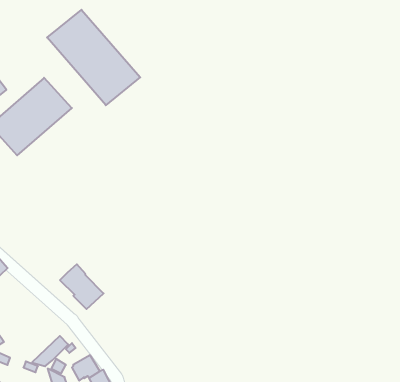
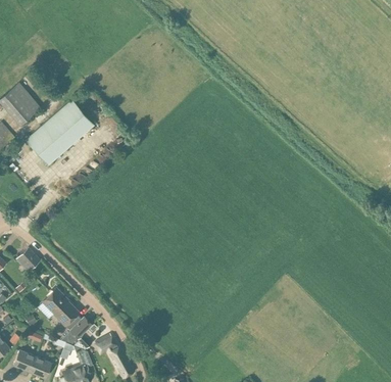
building: [47,10,140,105] -> none
building: [60,264,104,309] -> [42,287,79,325]

